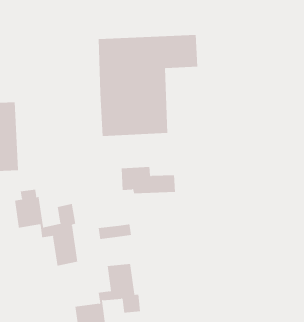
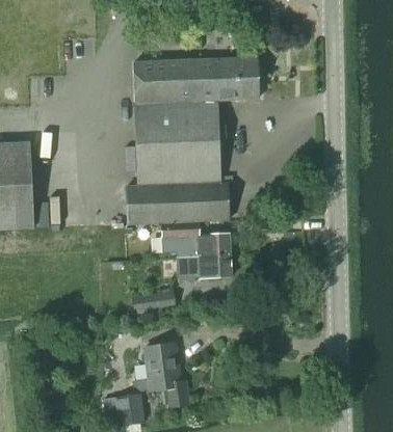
building: none -> [127,181,230,223]
building: [14,189,78,266] -> none
building: none -> [178,254,232,276]

